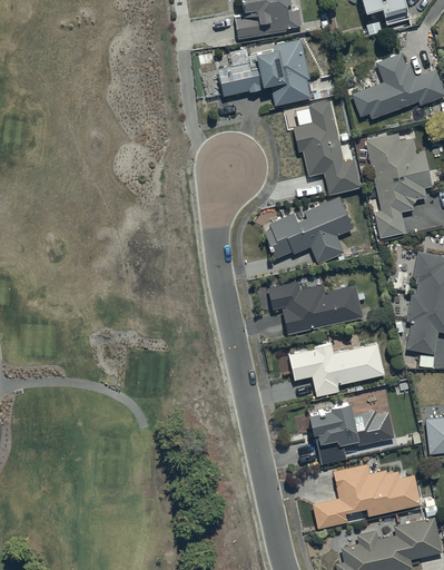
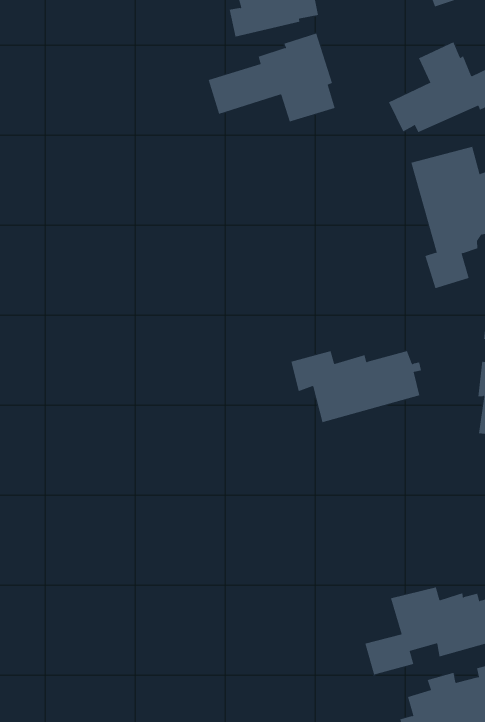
building: [294,101,363,196] -> none
building: [265,198,353,265] -> none
building: [287,344,386,396] -> none
building: [307,401,391,465] -> none

